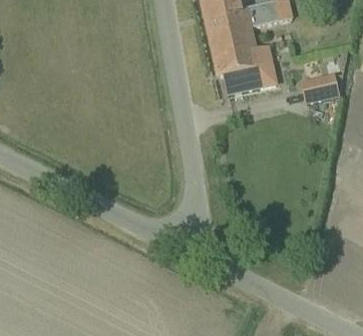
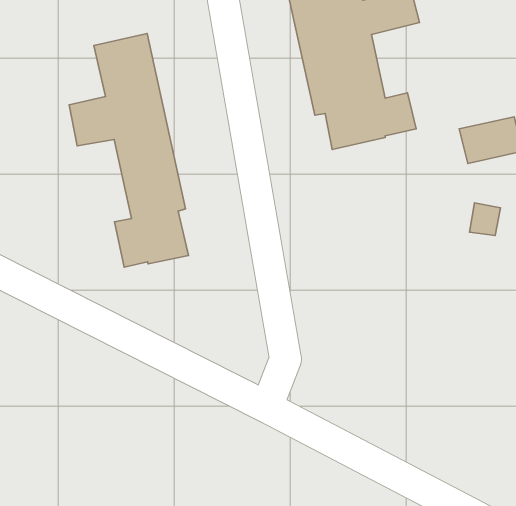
building: none -> [69,34,189,267]

